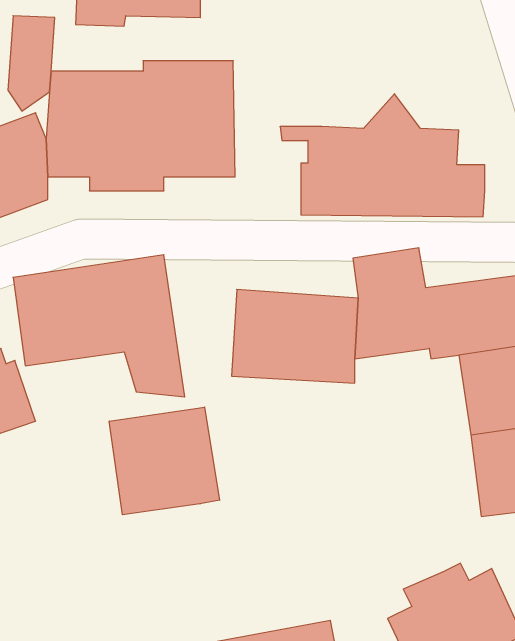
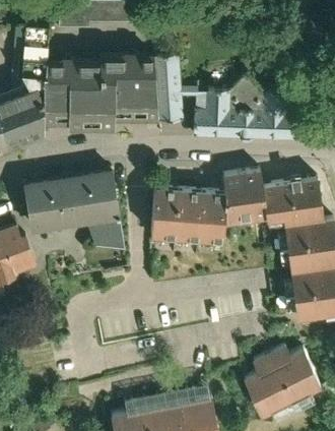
building: none -> [153,54,183,127]
building: [109,407,220,515] -> none

